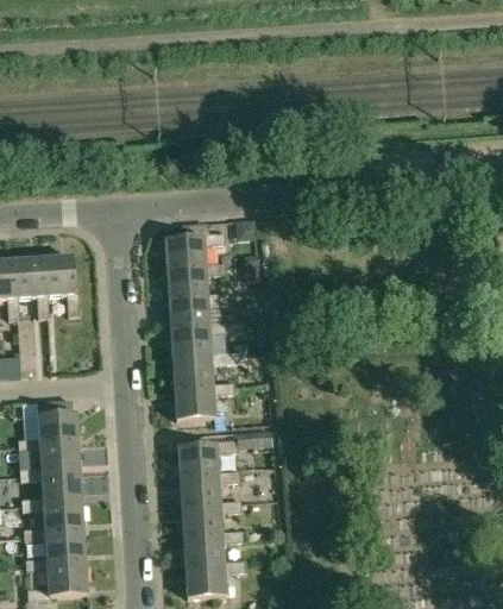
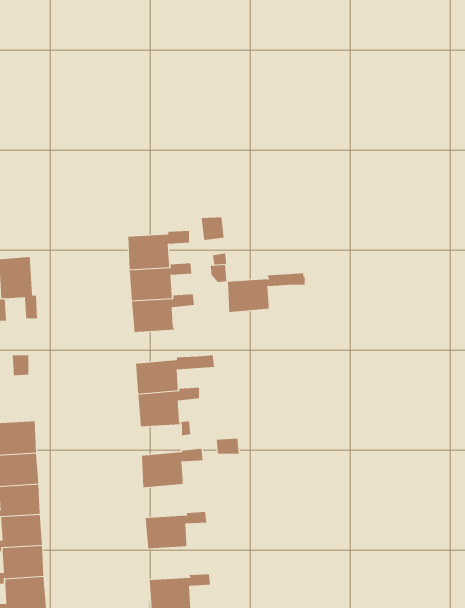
building: [170,318,245,356] -> [227,273,306,313]
building: [178,466,238,503] -> none
building: [183,527,241,563] -> none

